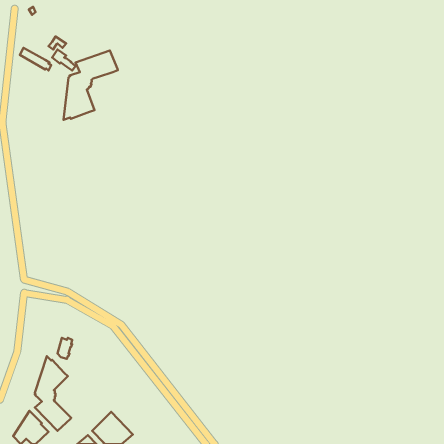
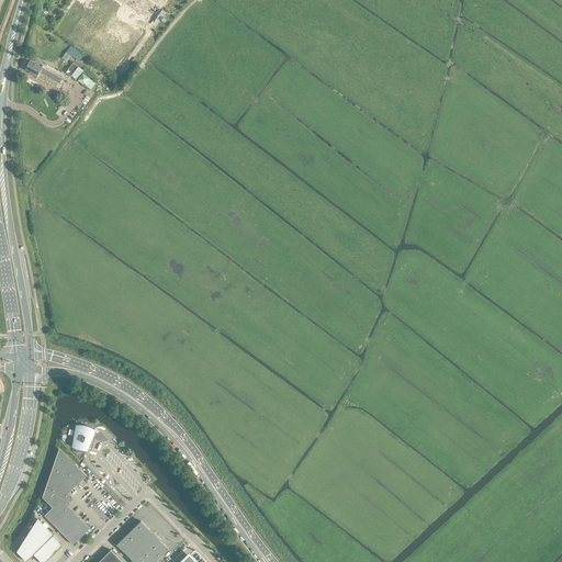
building: [64,50,118,120] -> none

